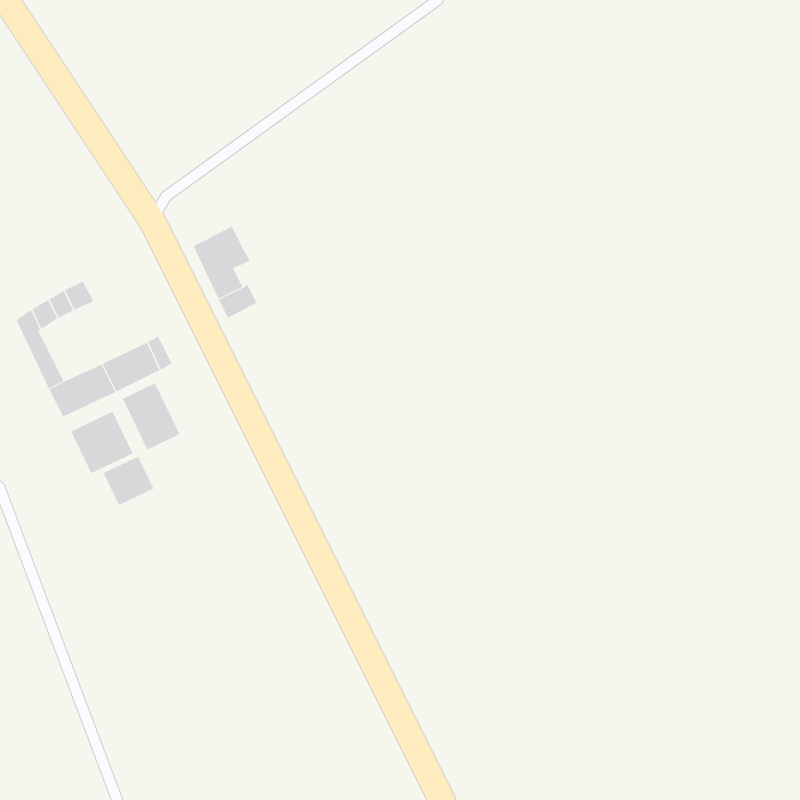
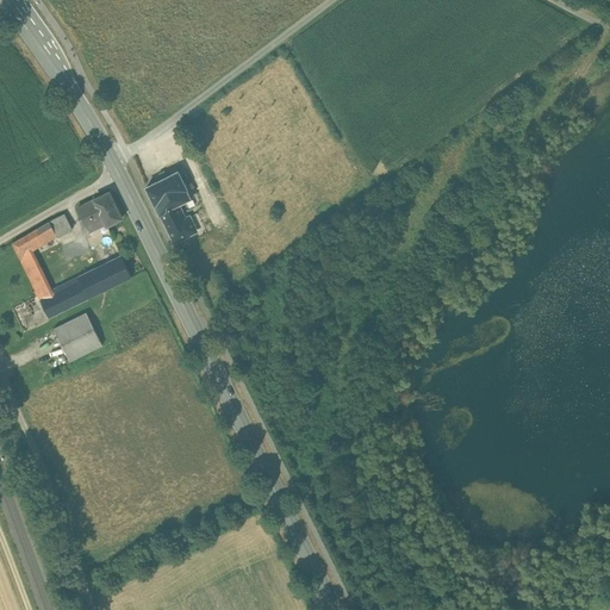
building: none -> [76,193,120,234]
building: [122,383,180,450] -> none
building: [103,456,154,506] -> none

